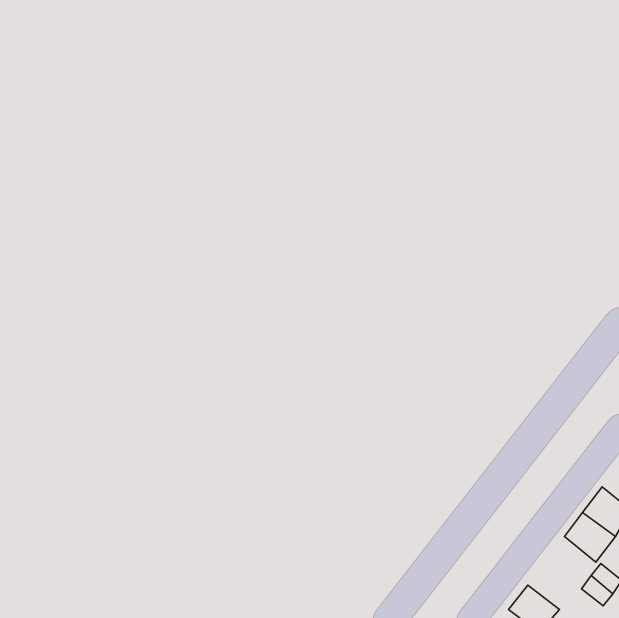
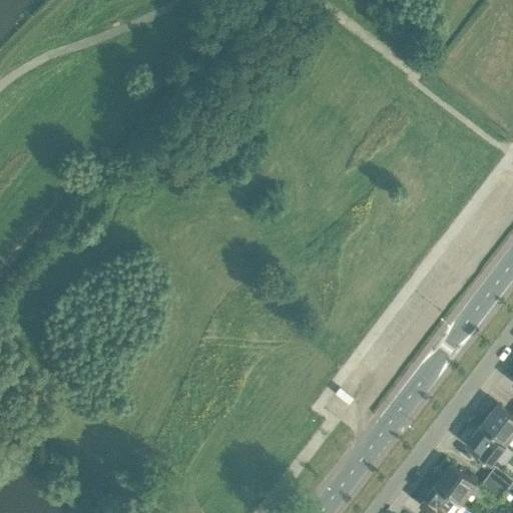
building: none -> [437,464,479,505]

